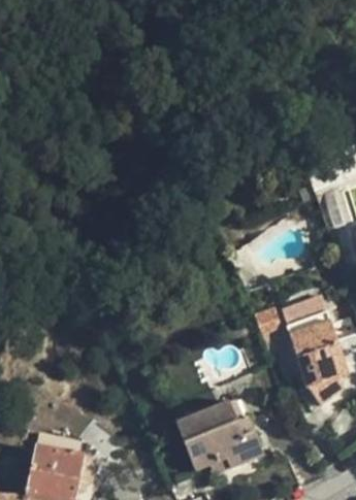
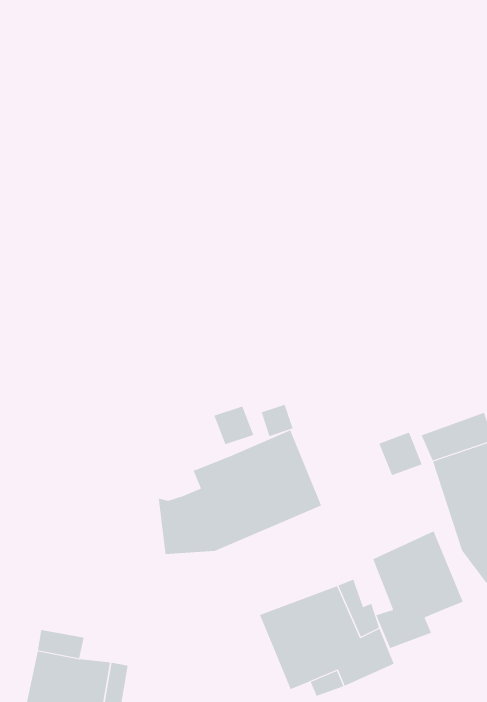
building: none -> [158,430,322,555]
building: none -> [373,531,463,649]

